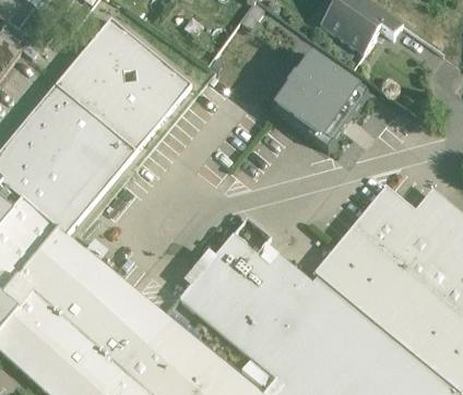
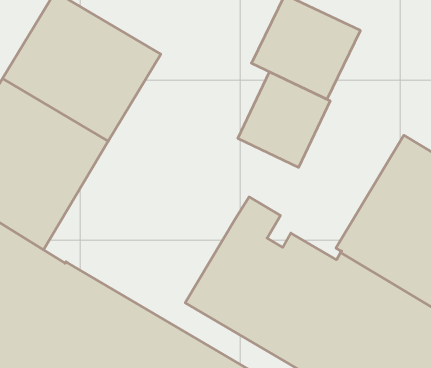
building: none -> [238,72,330,167]

